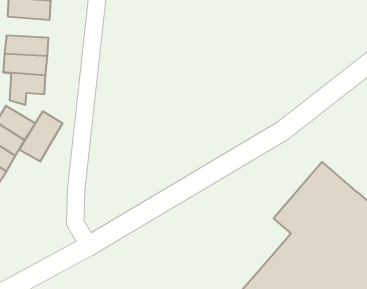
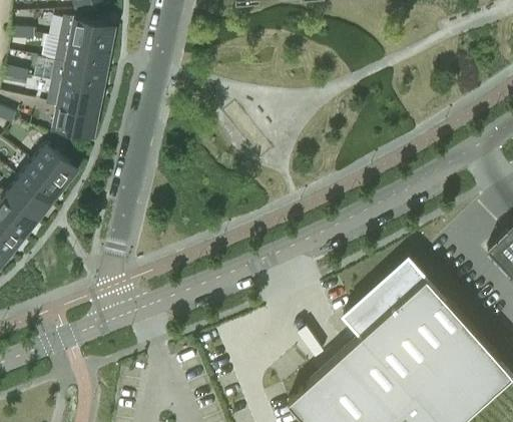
building: none -> [56,43,109,74]
building: [19,111,62,162] -> none

